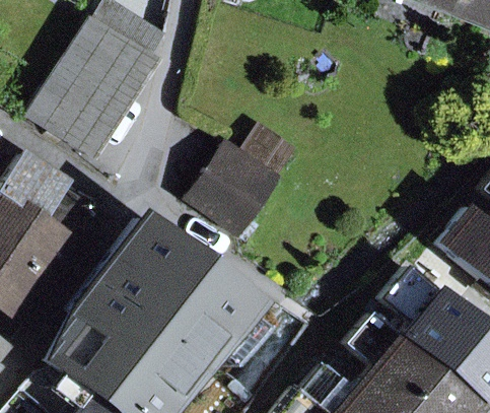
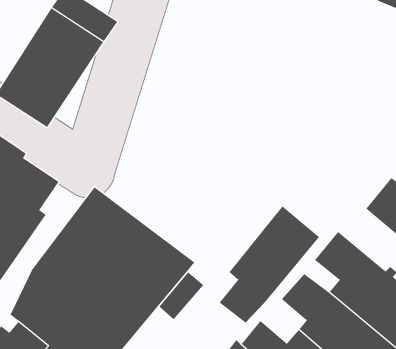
building: [193,144,282,234] -> none
building: none -> [219,205,320,323]

